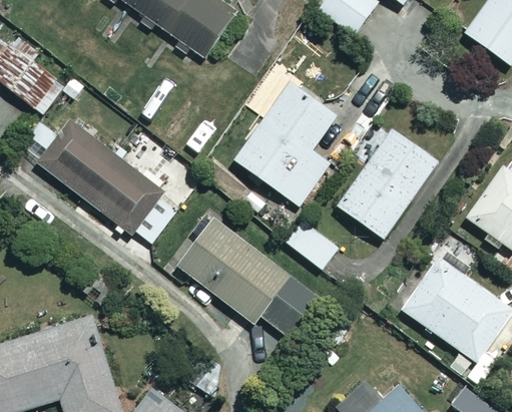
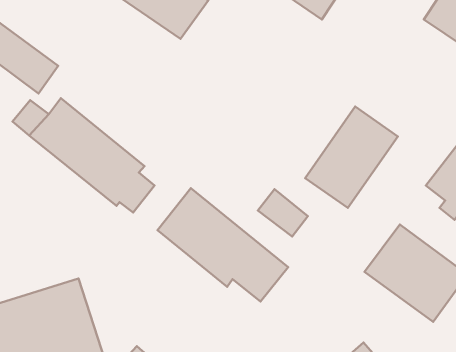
building: [220,83,337,207] -> none

